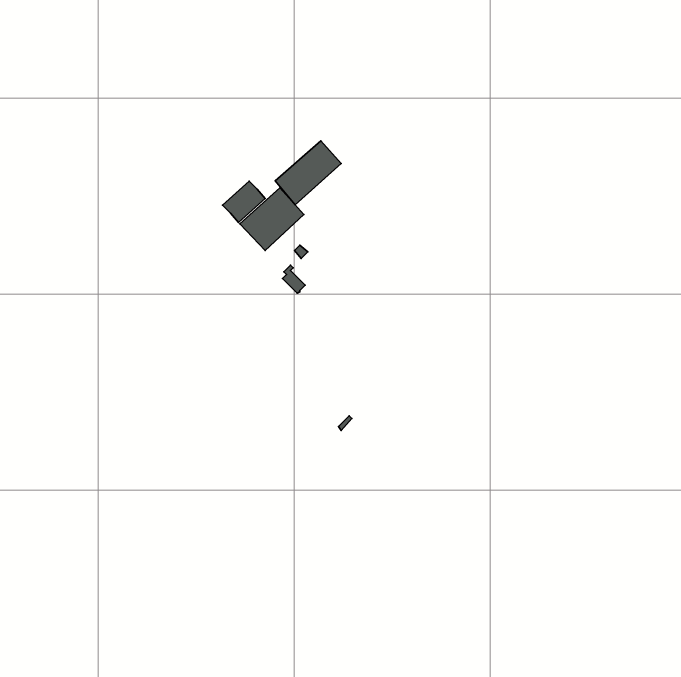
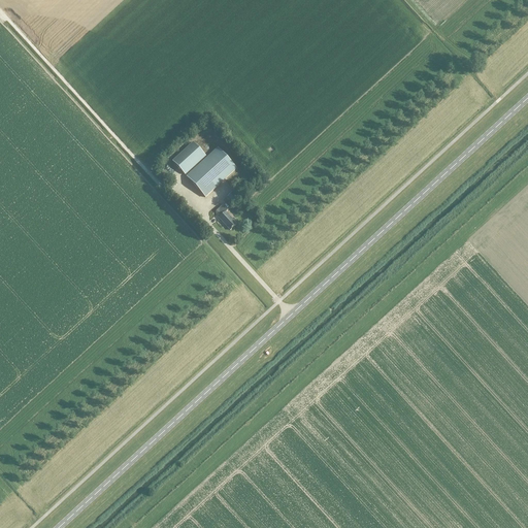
building: [275,141,341,205] -> none

